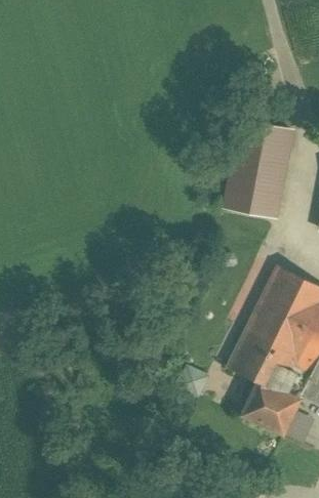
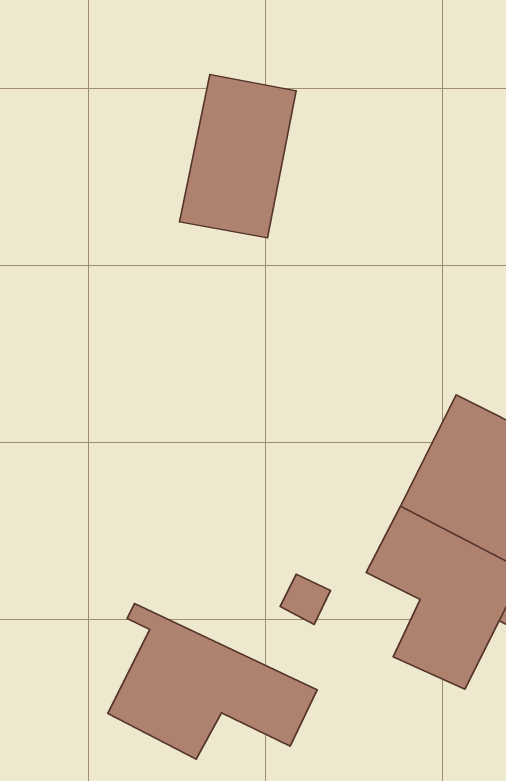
building: [224,122,290,215] -> [179,75,296,238]
building: none -> [108,603,317,759]

